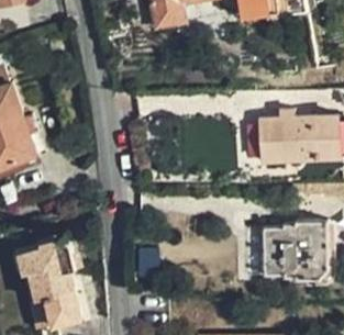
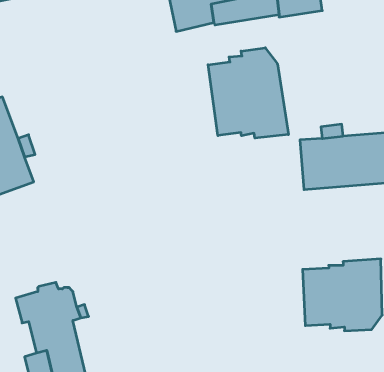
building: none -> [208,48,288,138]

